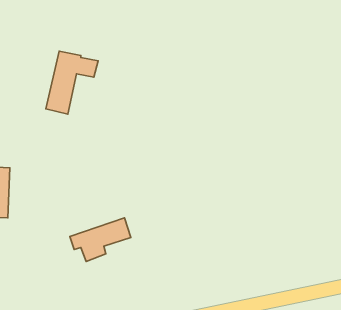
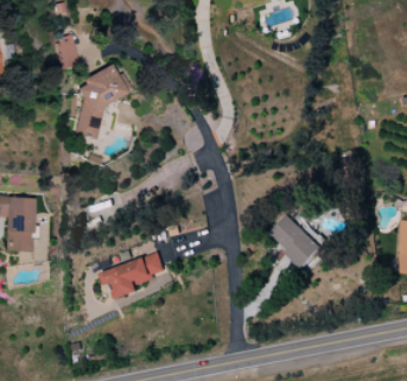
building: none -> [53,34,77,69]
building: none -> [268,214,322,267]

